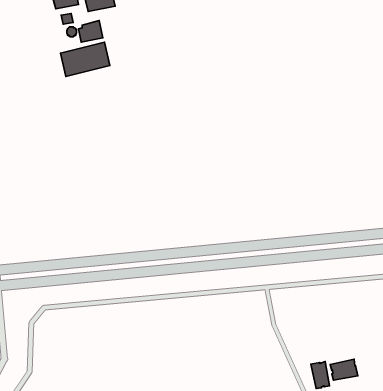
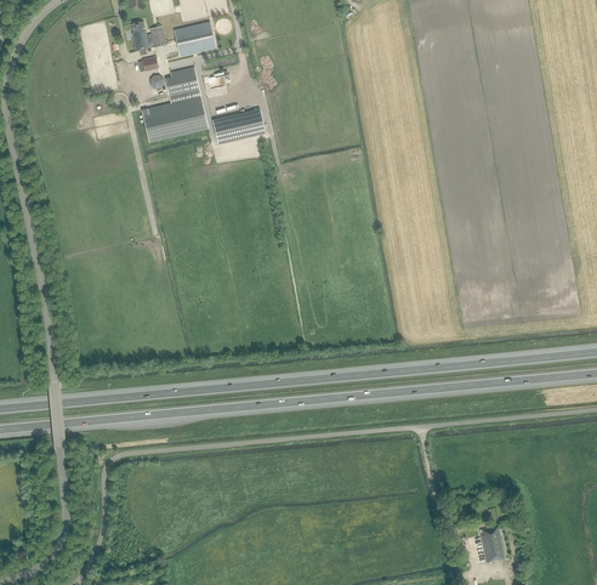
building: none -> [212,109,265,143]
building: [330,359,358,380] -> none

